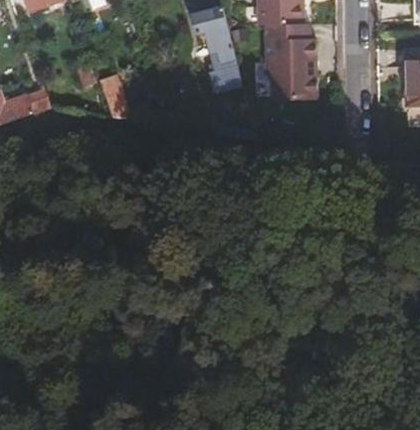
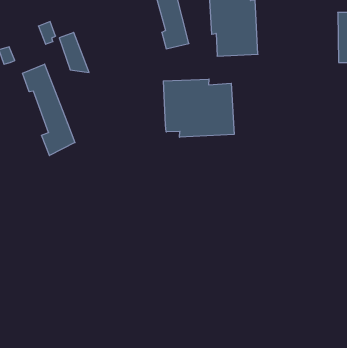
building: none -> [22,64,75,156]
building: none -> [163,79,234,137]

